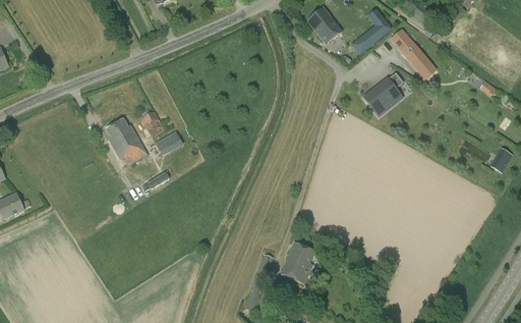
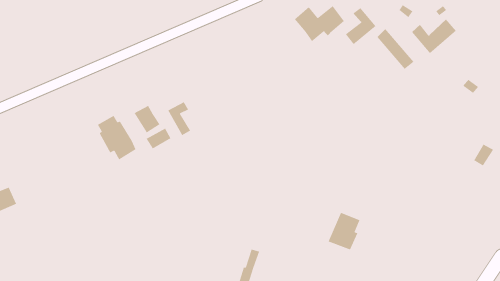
building: none -> [411,18,457,54]
building: [362,72,402,110] -> none
building: none -> [167,101,191,136]
building: [280,243,313,282] -> [328,212,360,251]

